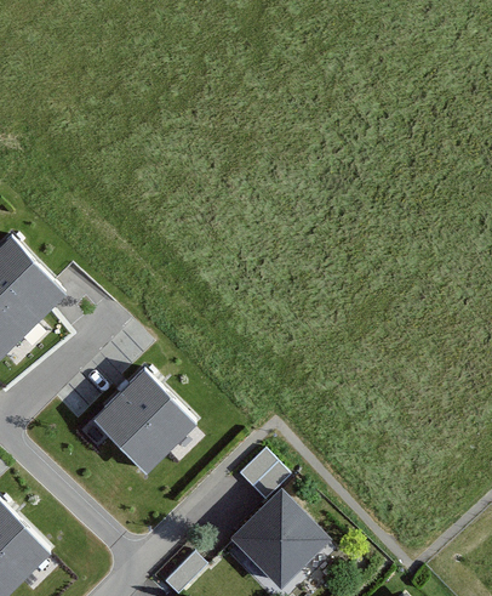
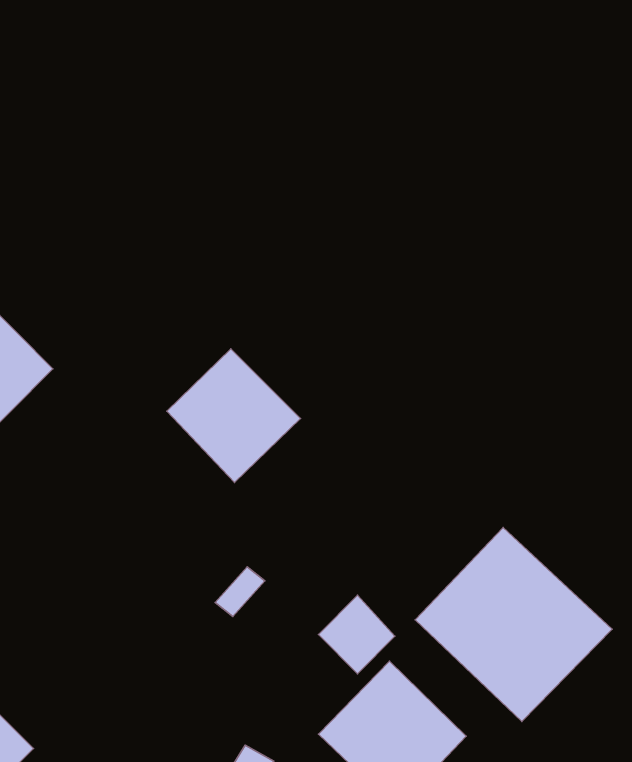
building: [96,374,187,465] -> [167,349,300,483]
building: none -> [415,527,612,722]

